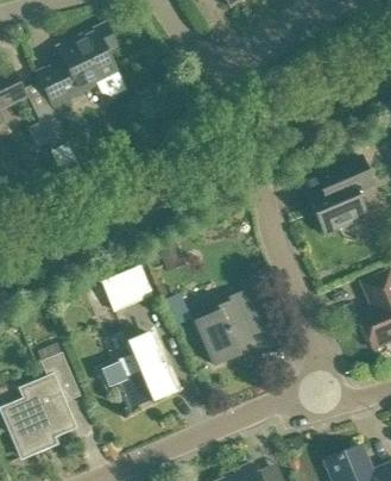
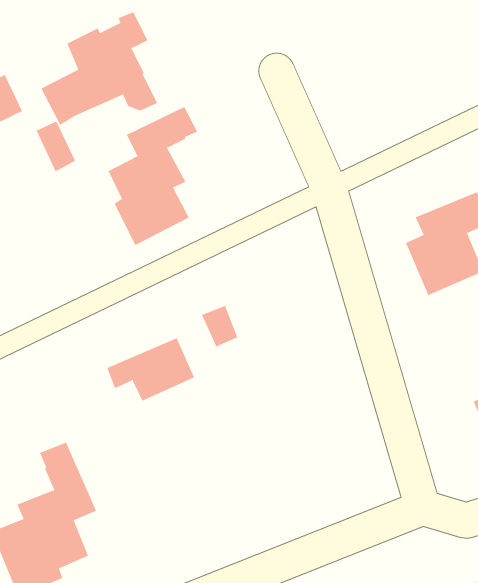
building: none -> [108,106,198,246]
building: [196,292,260,364] -> none
building: [102,332,176,407] -> none

